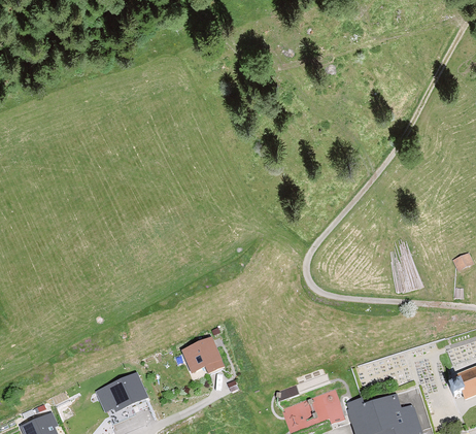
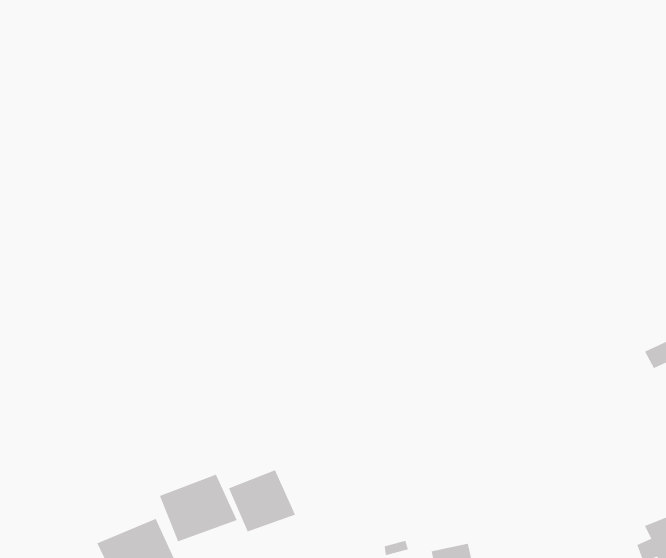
building: none -> [159,474,238,542]

